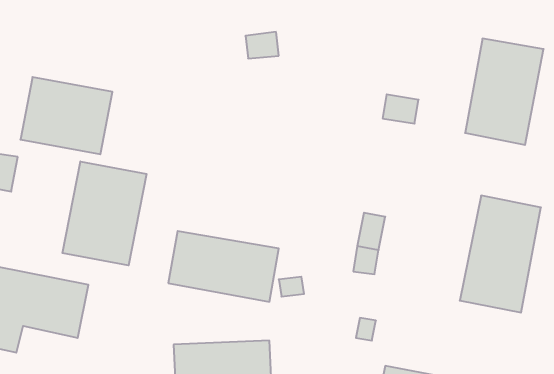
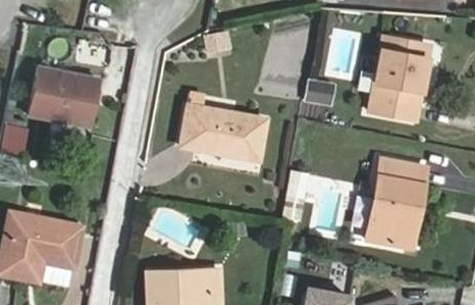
building: [62,161,147,265] -> none
building: [168,231,279,302] -> [181,106,266,160]

